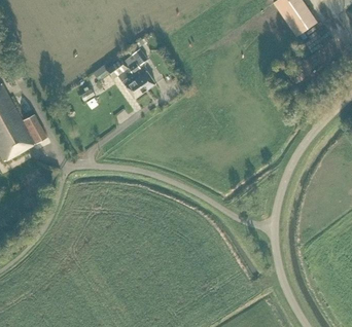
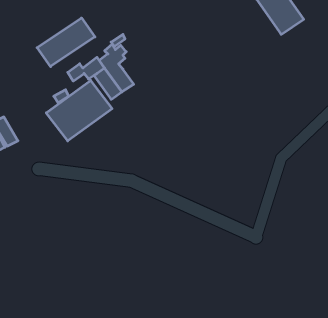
building: none -> [37,18,95,67]
building: none -> [46,80,112,141]

